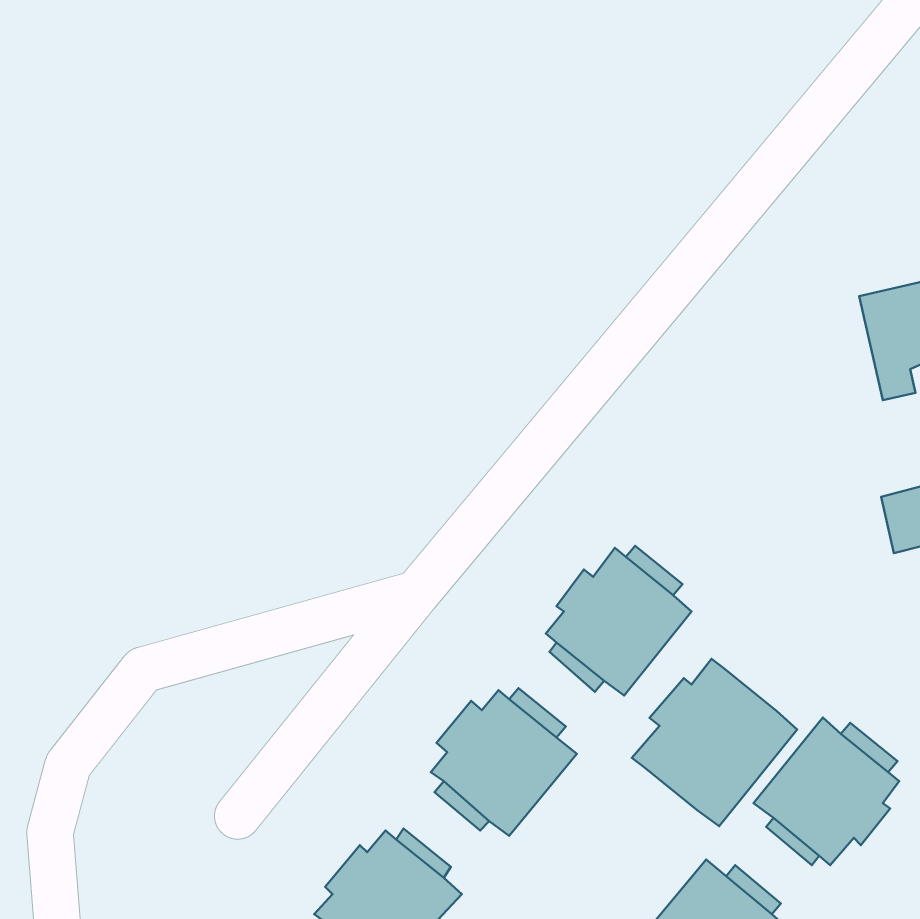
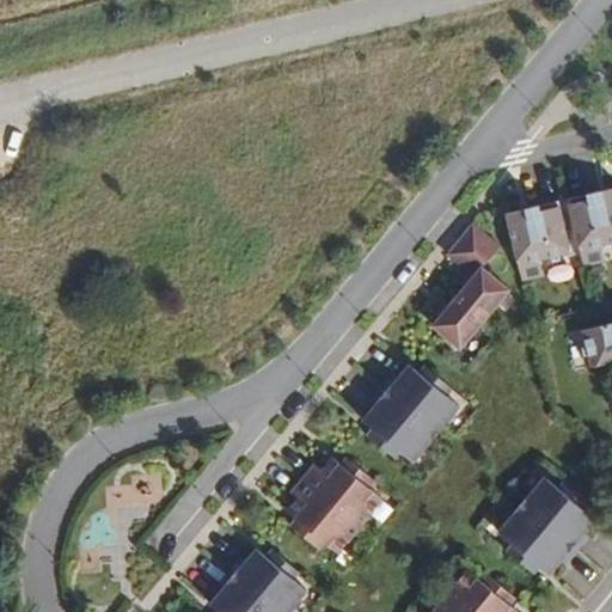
building: none -> [504,203,569,283]
building: none -> [434,224,509,349]
building: [632,659,797,826] -> none

